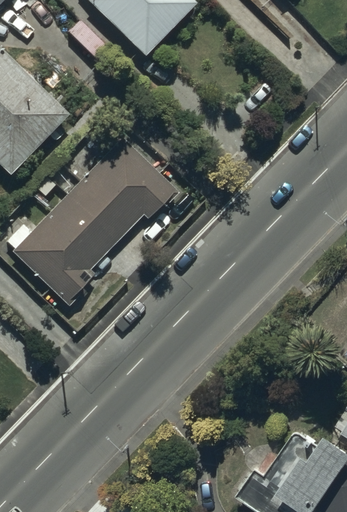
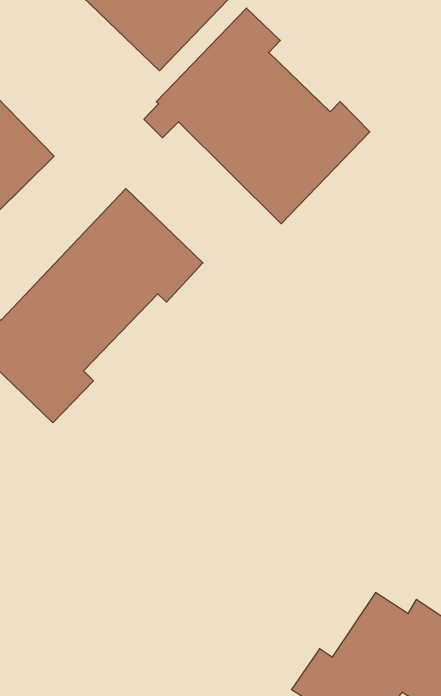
building: none -> [144,8,370,224]

